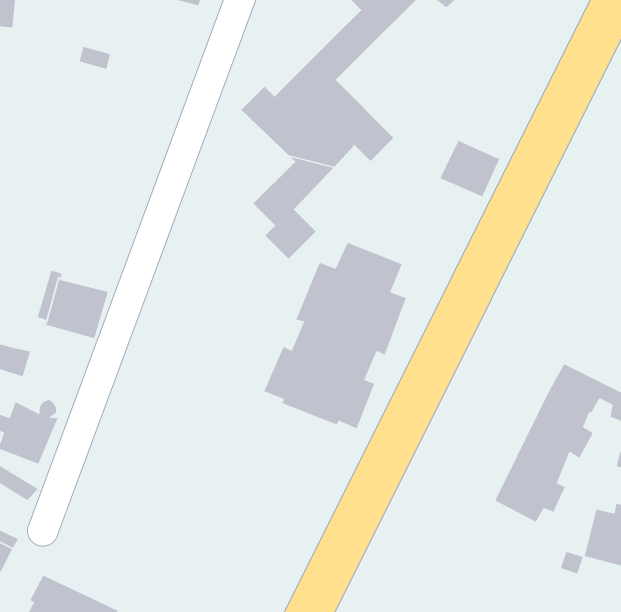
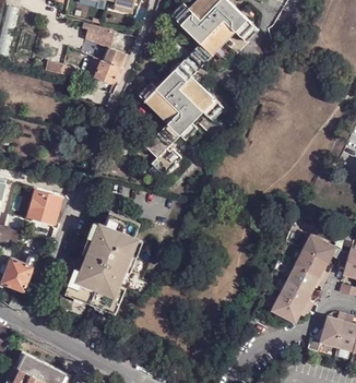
building: none -> [86,48,129,84]
building: [439,139,501,198] -> none
building: [263,242,407,429] -> [64,212,143,314]

